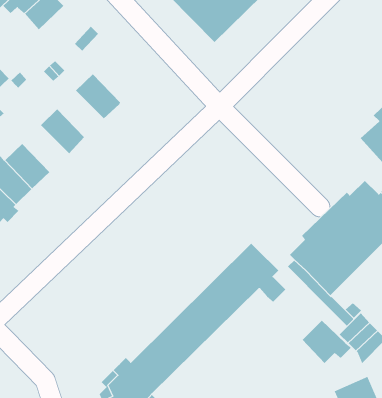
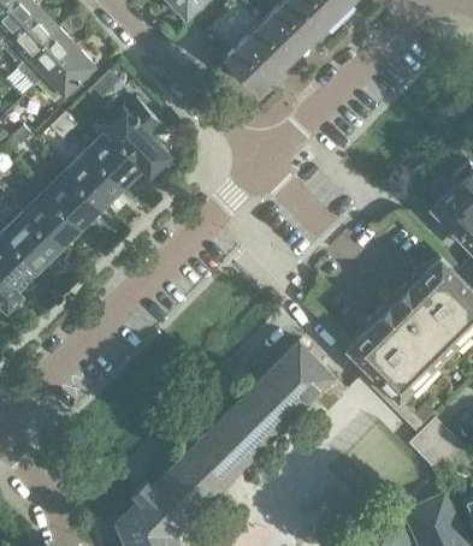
building: none -> [39,48,97,105]
building: none -> [110,97,172,173]
building: none -> [70,150,126,207]
building: none -> [28,192,84,249]
building: [302,320,352,364] -> none

